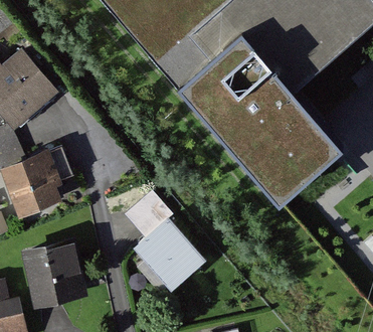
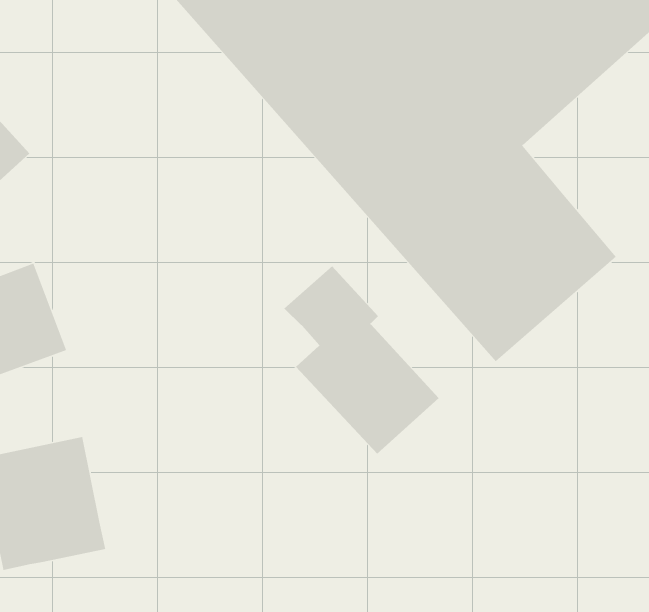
building: [125,193,205,291] -> [283,265,439,455]

